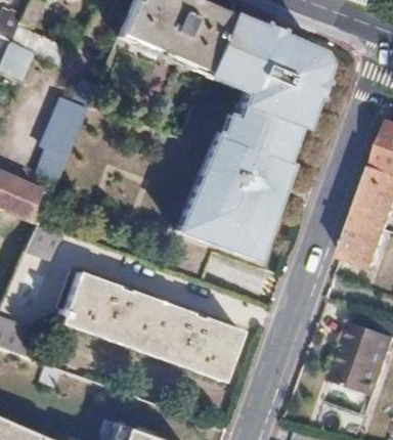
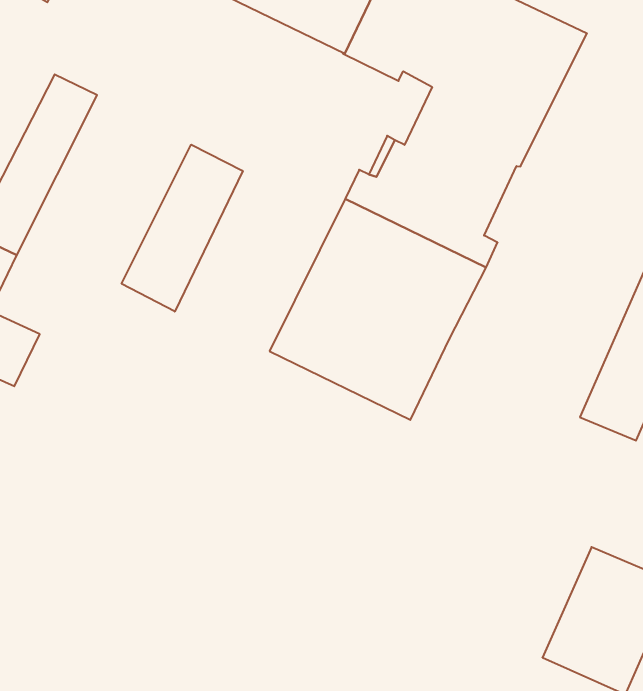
building: none -> [122,145,243,312]
building: [57,271,237,379] -> none

